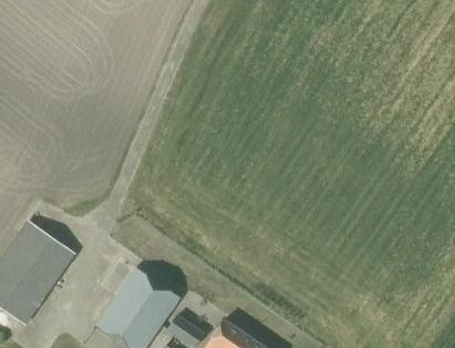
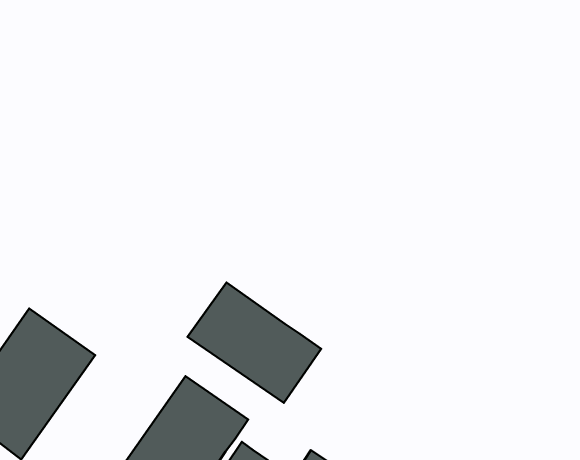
building: none -> [188,282,321,403]

